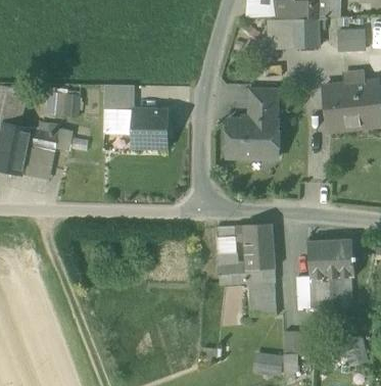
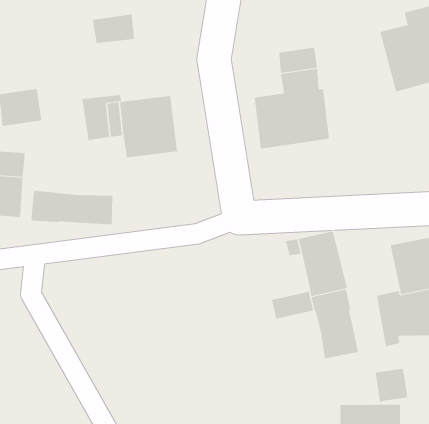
building: [104,85,134,103] -> [92,14,135,44]
building: none -> [31,190,113,225]

